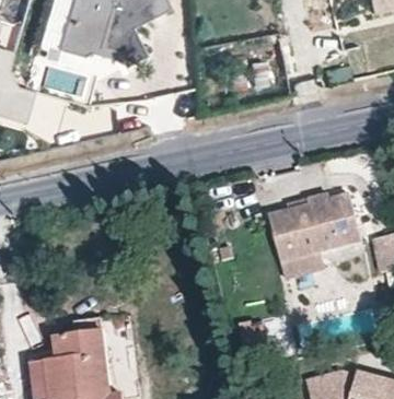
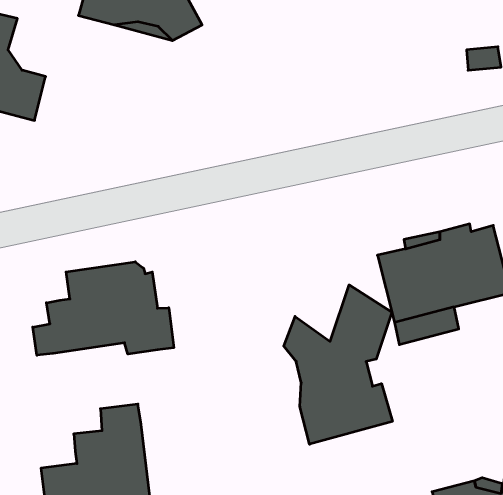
building: none -> [33,262,174,355]
building: none -> [284,285,392,444]

